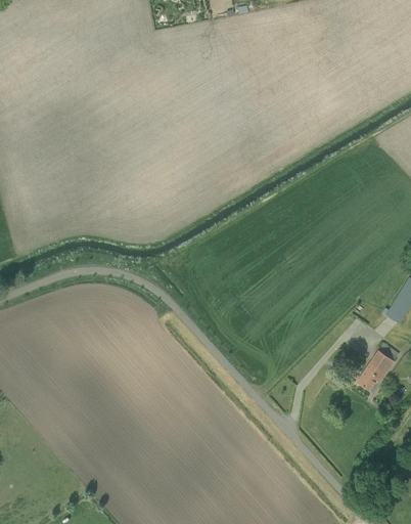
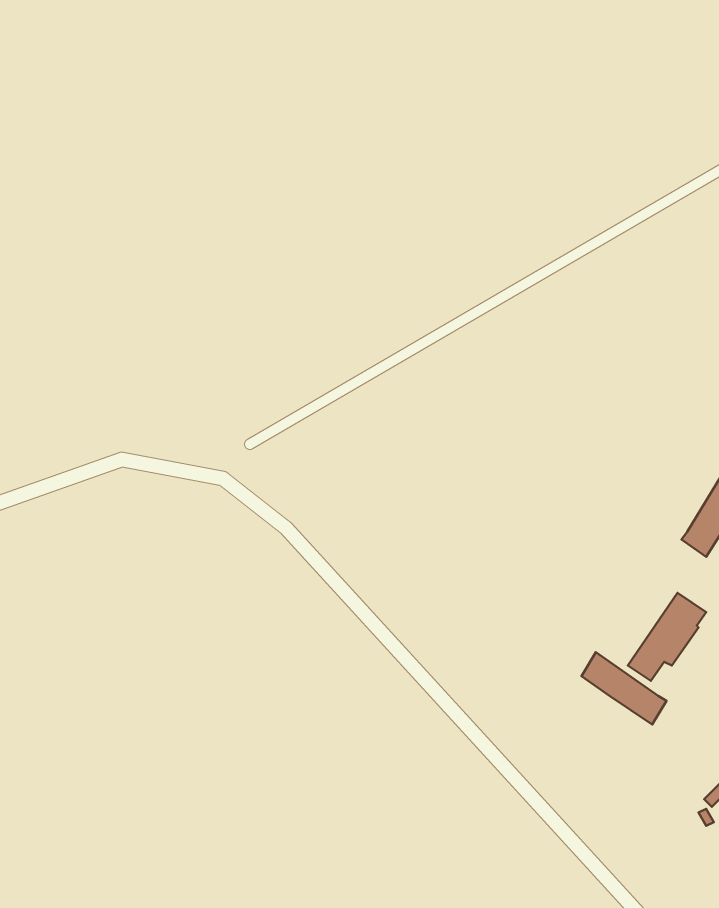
building: none -> [581,652,667,725]

